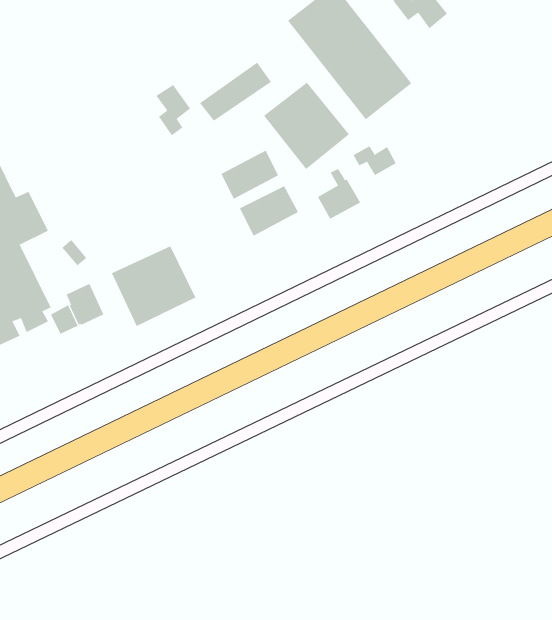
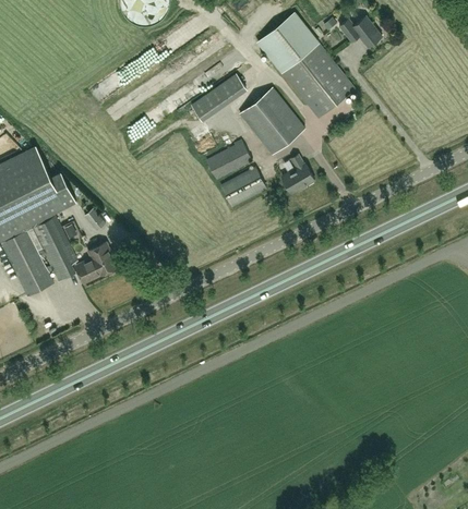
building: [155,84,191,136] -> none
building: [353,145,396,176] -> none
building: [111,245,196,327] -> none

